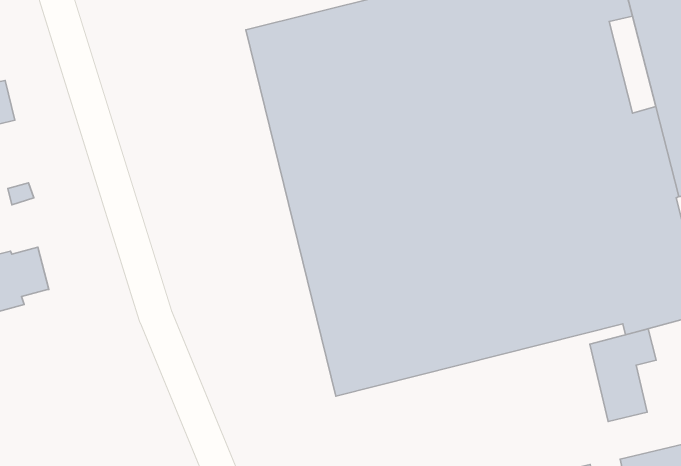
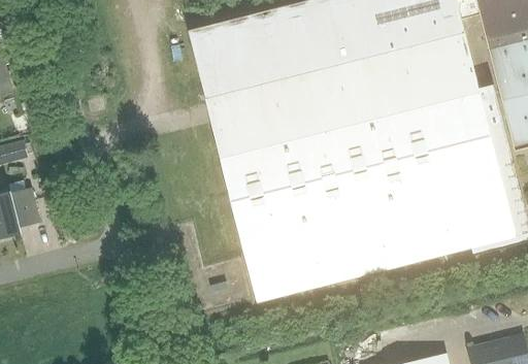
building: [590,329,656,421] -> none

